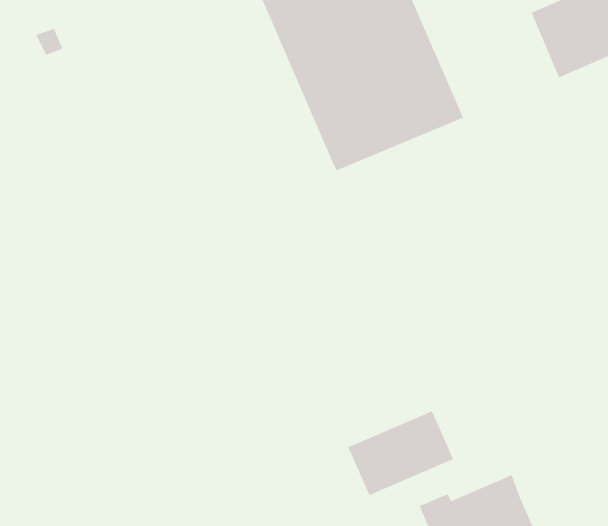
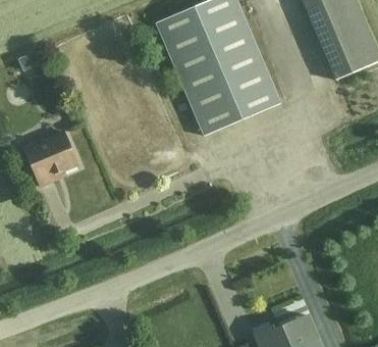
building: none -> [22,131,77,186]
building: [348,411,454,496] -> none

